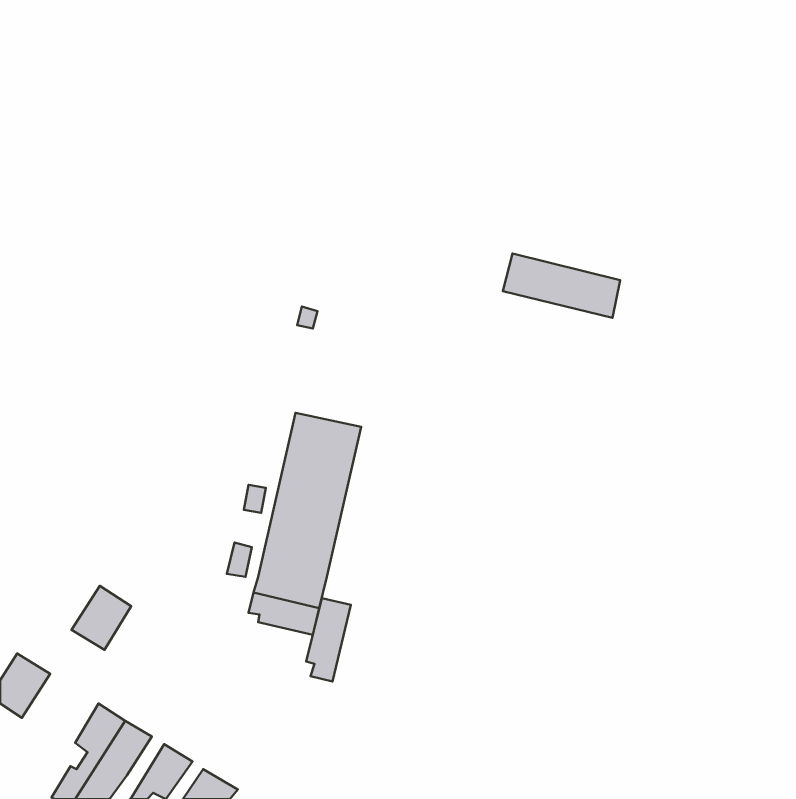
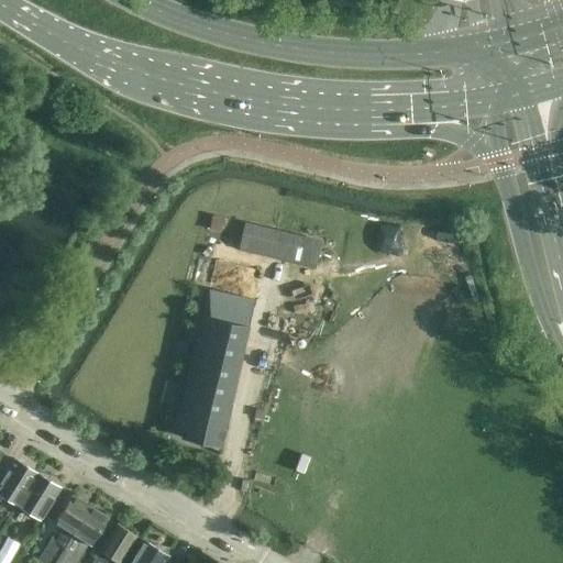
building: [503,254,620,318] -> [240,223,322,268]
building: [72,586,131,650] -> [18,474,59,519]
building: [306,598,351,682] -> none

